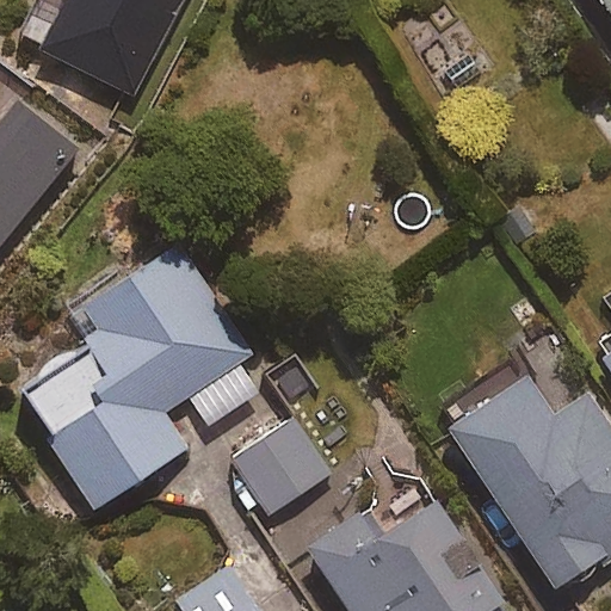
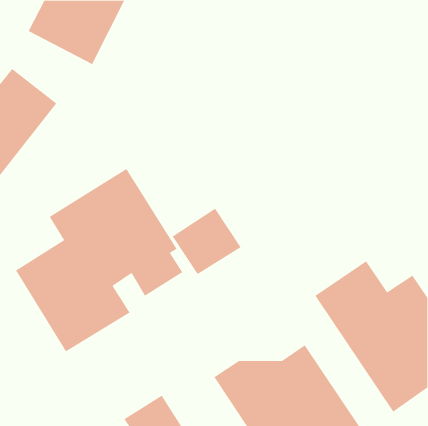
building: [229,420,328,516] -> [172,208,242,275]

